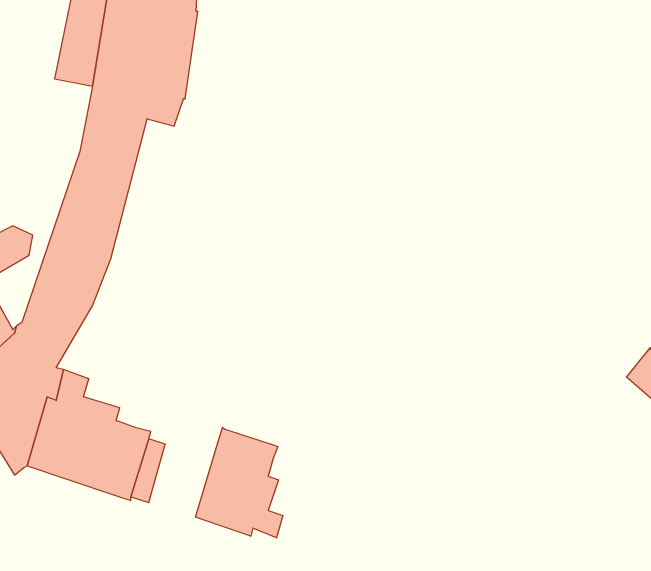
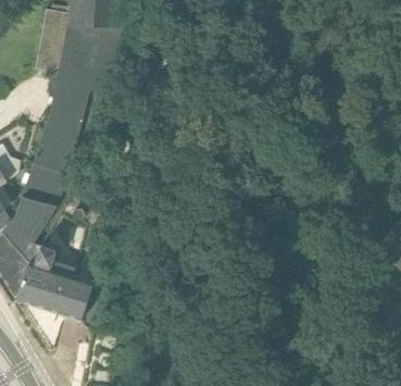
building: [196,427,283,538] -> none

